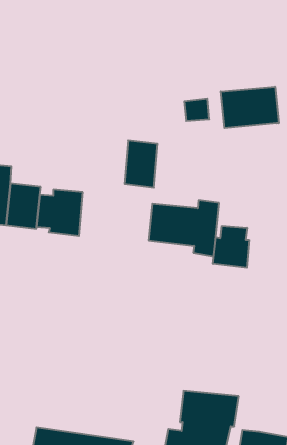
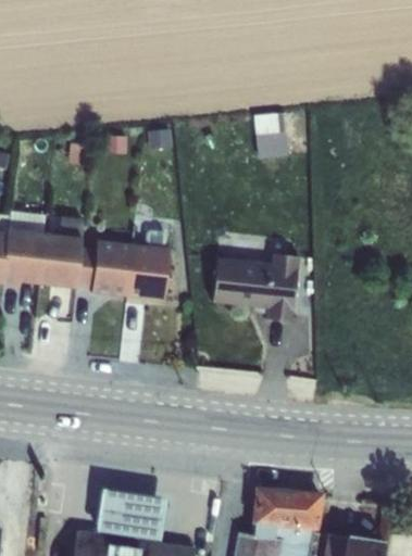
building: [221,87,279,128] -> none
building: [125,140,158,188] -> [128,244,168,302]
building: [213,226,249,268] -> none
building: none -> [100,485,168,539]

